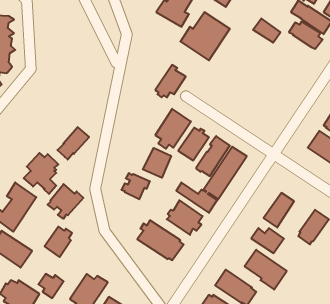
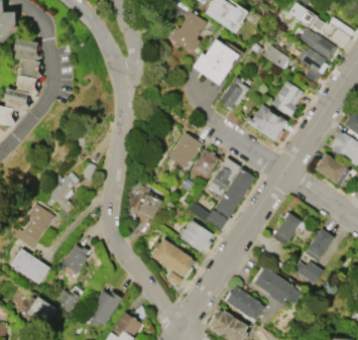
building: none -> [272,81,305,116]
building: [155,65,186,97] -> [220,77,249,108]
building: none -> [246,104,287,140]
building: [57,127,89,160] -> none
building: [143,148,171,178] -> none
building: [48,184,83,219] -> none
building: [251,228,284,253] -> [292,260,324,285]

